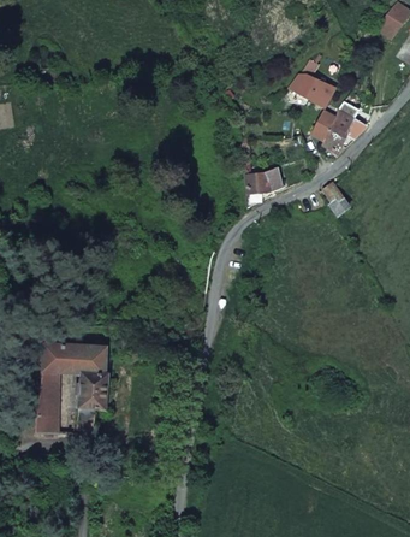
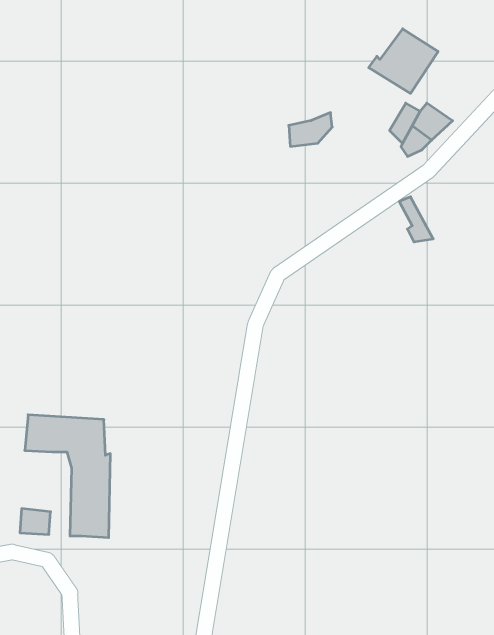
building: [242,167,274,193] -> [289,113,332,146]
building: [40,371,63,417] -> none

